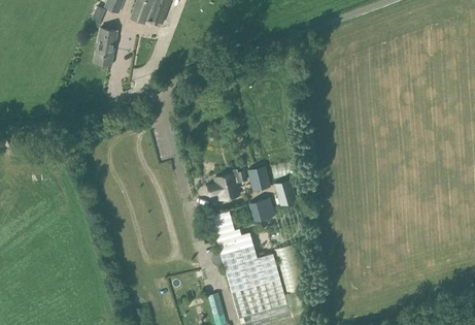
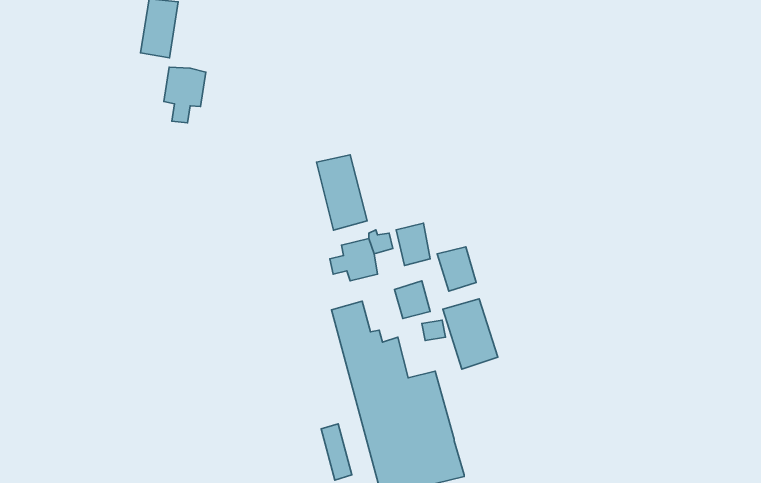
building: none -> [164,67,206,123]
building: none -> [317,155,367,230]
building: none -> [443,299,498,369]

